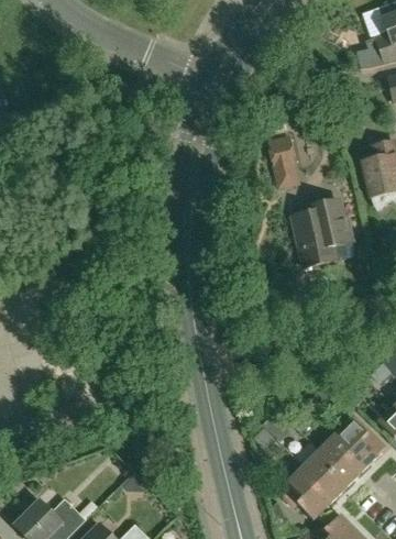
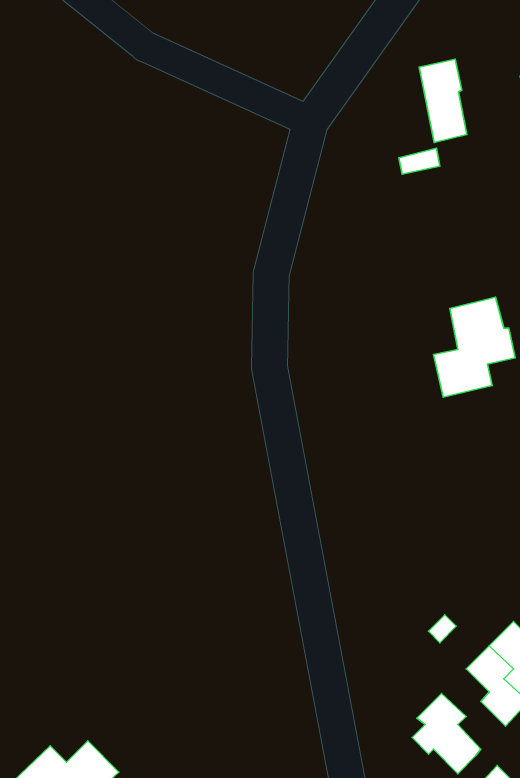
building: [270,135,301,191] -> [419,59,467,143]
building: [302,450,345,504] -> none

